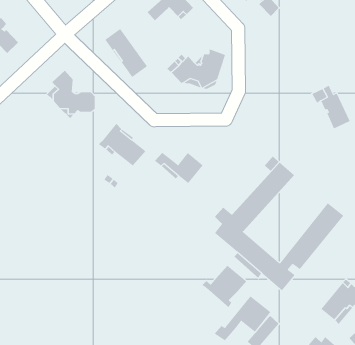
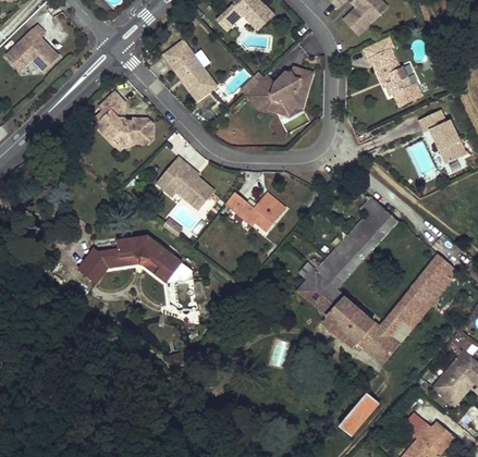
building: none -> [363,36,414,100]
building: none -> [78,236,182,283]
building: [202,265,247,308] -> none
building: [214,295,271,341] -> none

